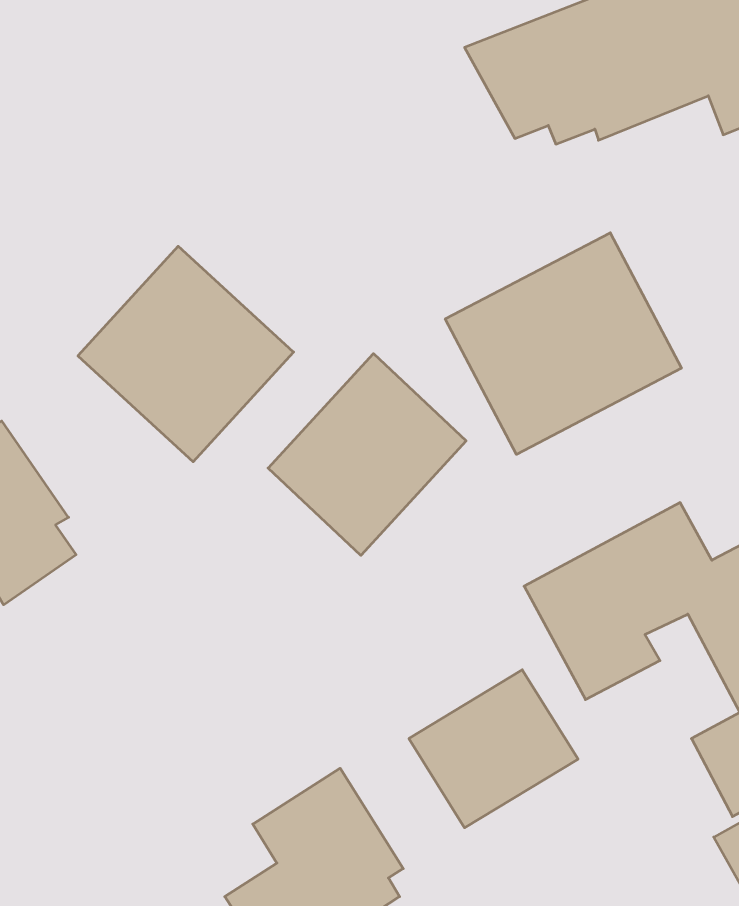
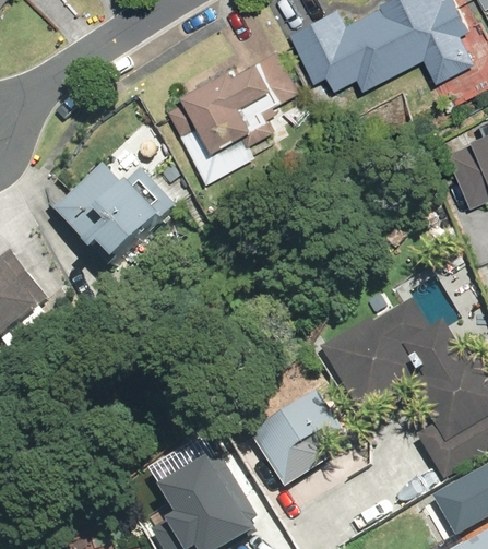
building: none -> [165,49,296,179]
building: [445,233,681,454] -> none
building: [268,354,466,555] -> none

